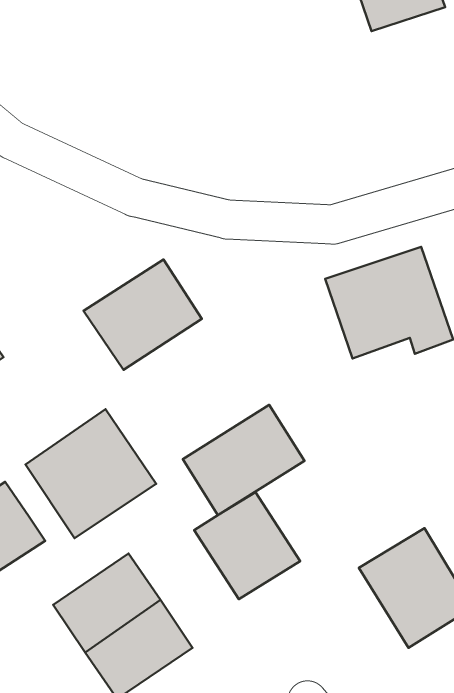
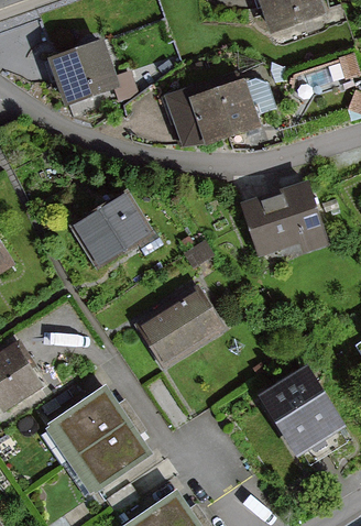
building: none -> [45,40,118,106]
building: none -> [165,75,267,149]
building: [26,409,156,538] -> none
building: [194,492,300,599] -> none

